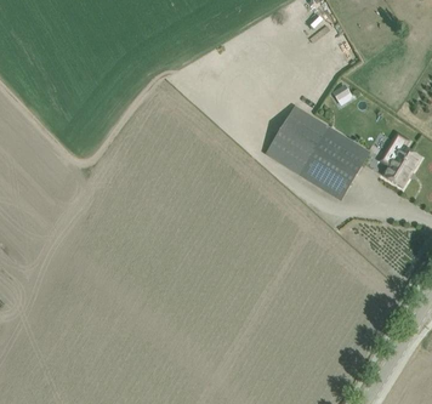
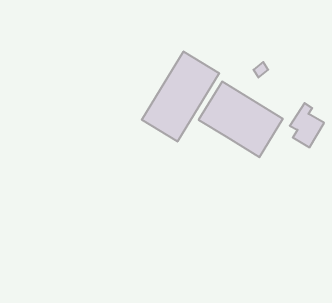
building: none -> [142,51,219,142]

